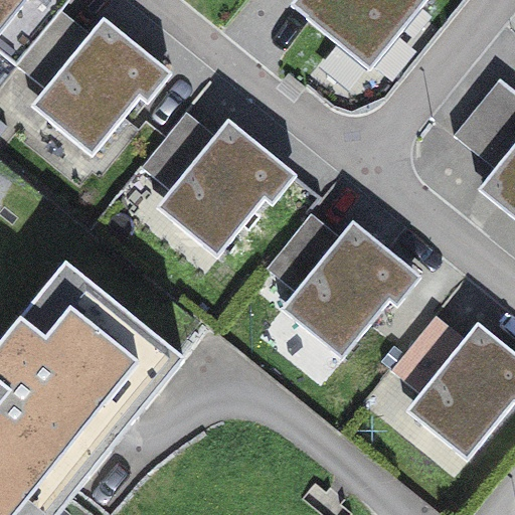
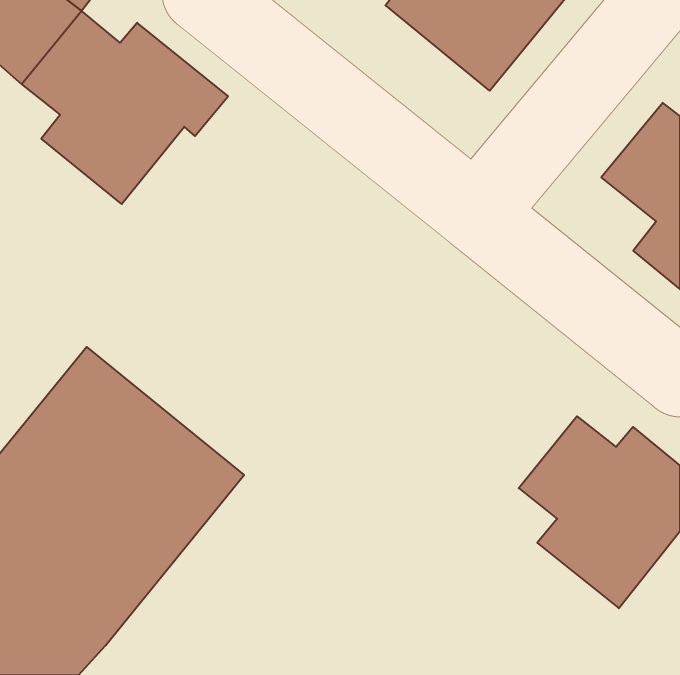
building: [141,111,297,255] -> none
building: [267,211,421,357] -> none

